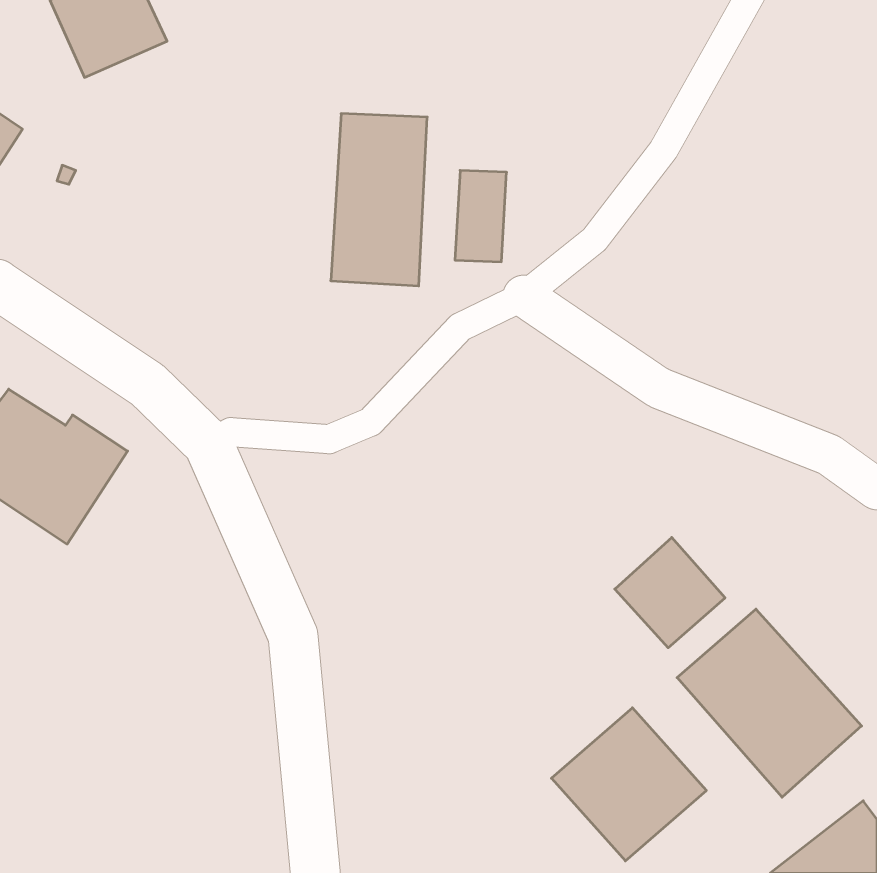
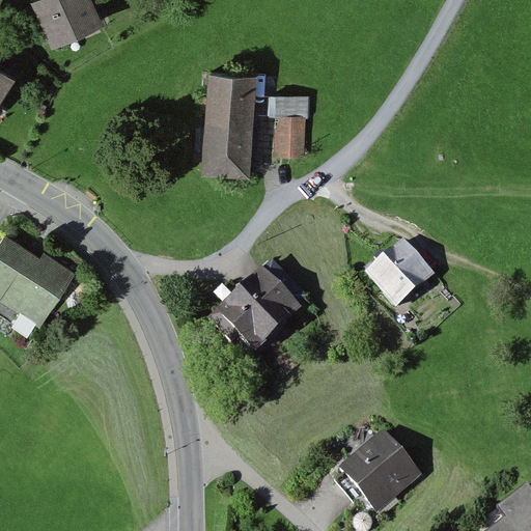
building: none -> [204,259,307,362]
building: [615,537,725,648] -> [363,243,429,309]
building: [677,609,862,797] -> none

